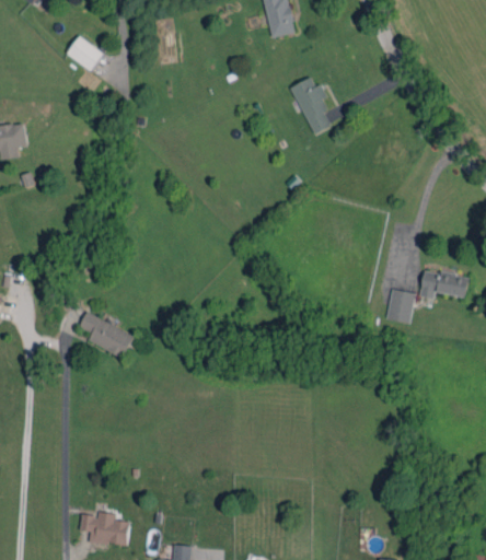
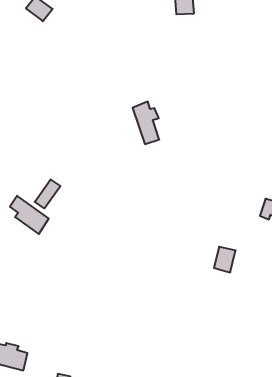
building: [291,77,333,135] -> [133,102,159,144]
building: none -> [35,179,60,208]
building: [387,290,414,323] -> [214,247,236,272]

